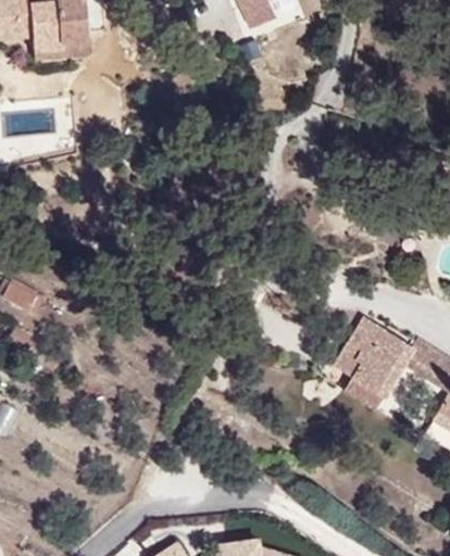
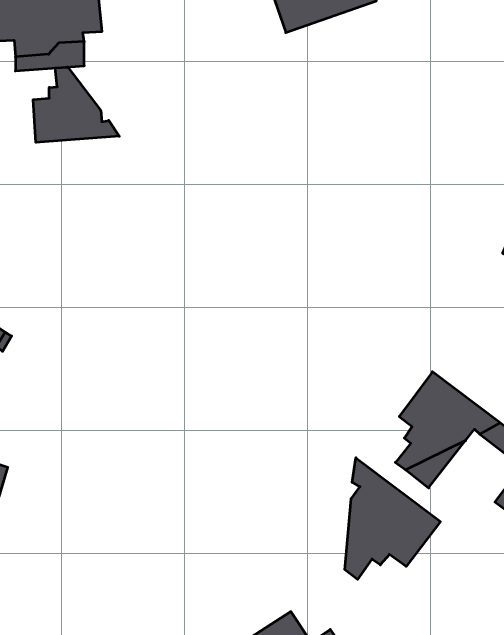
building: none -> [33,67,119,142]
building: none -> [345,458,440,579]

